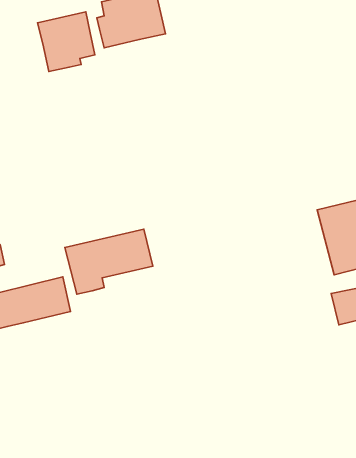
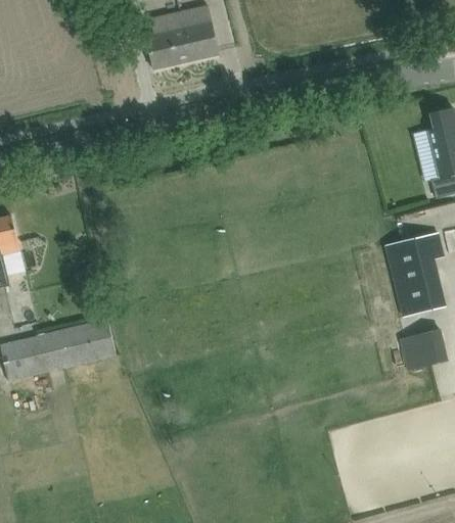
building: [38,12,95,72] -> none
building: [65,229,153,294] -> none

